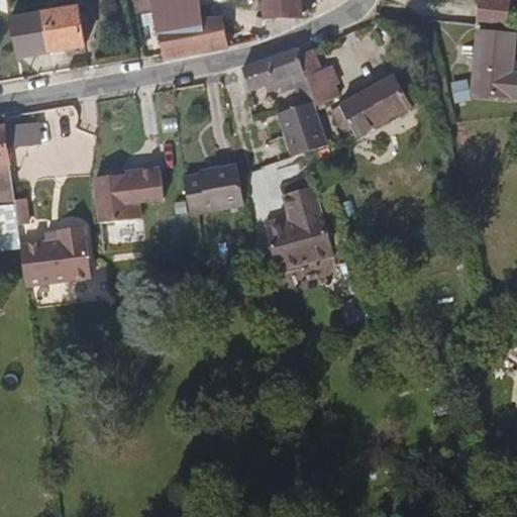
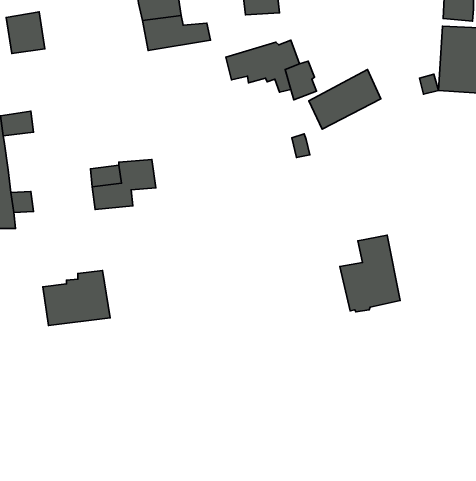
building: [44,7,86,53] -> none
building: [275,96,326,153] -> none
building: [180,164,242,212] -> none
building: [269,190,333,272] -> [340,235,400,312]
building: [23,226,95,285] -> [43,271,110,326]

